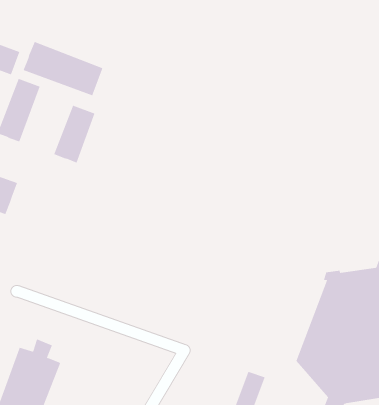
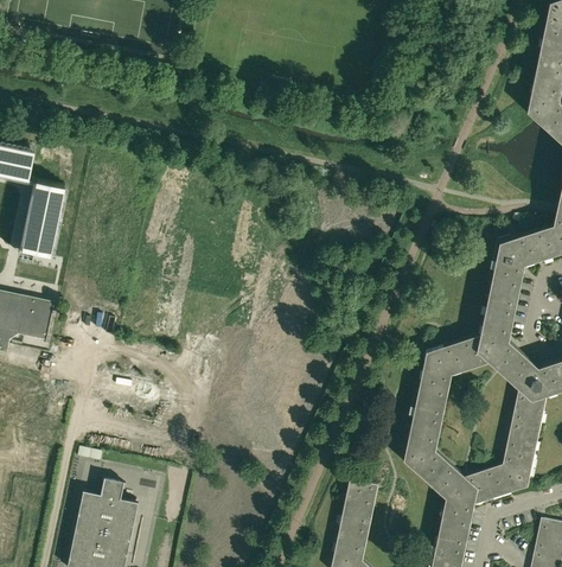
building: [23,41,103,96] -> none
building: [54,105,95,163] -> none

